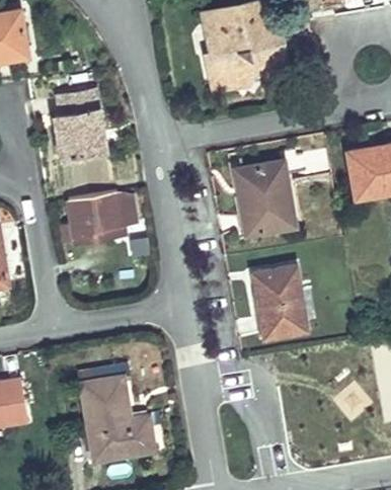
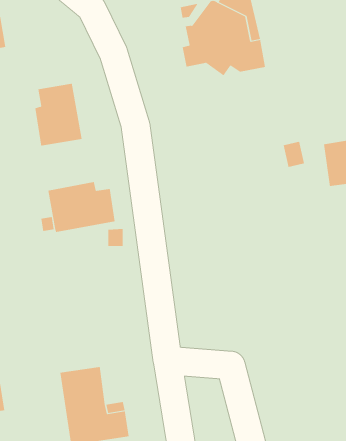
building: [236,163,295,233] -> none
building: [254,266,307,336] -> none

